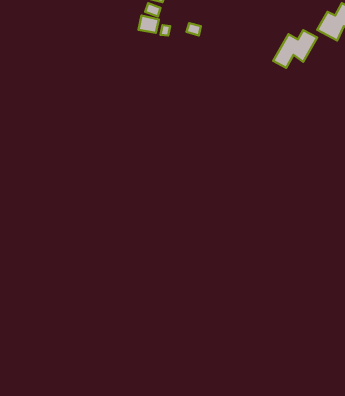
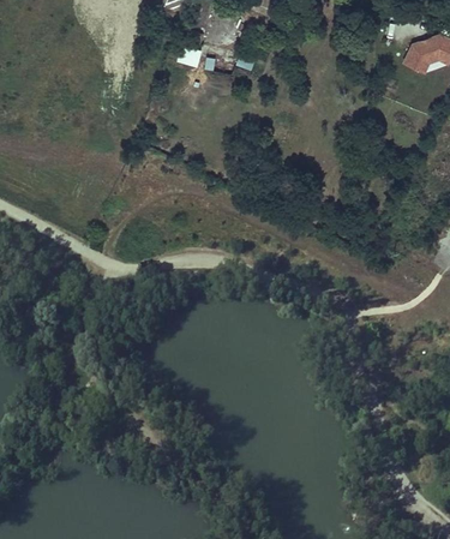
building: [273,30,317,68] -> none

